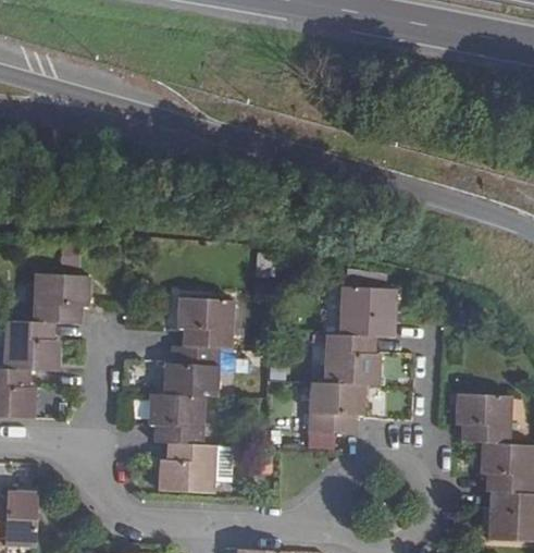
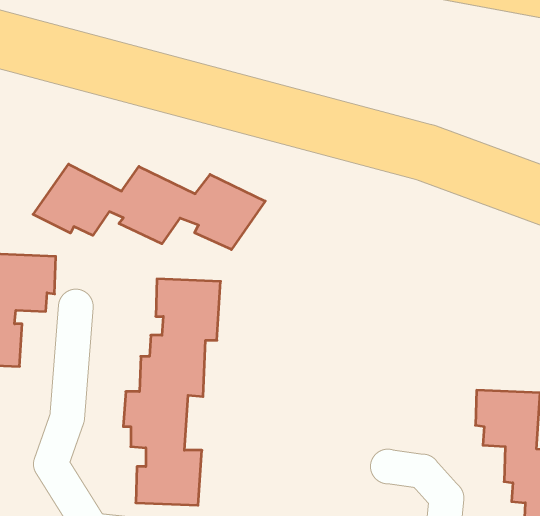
building: none -> [33,164,265,250]
building: [309,286,395,433] -> none

